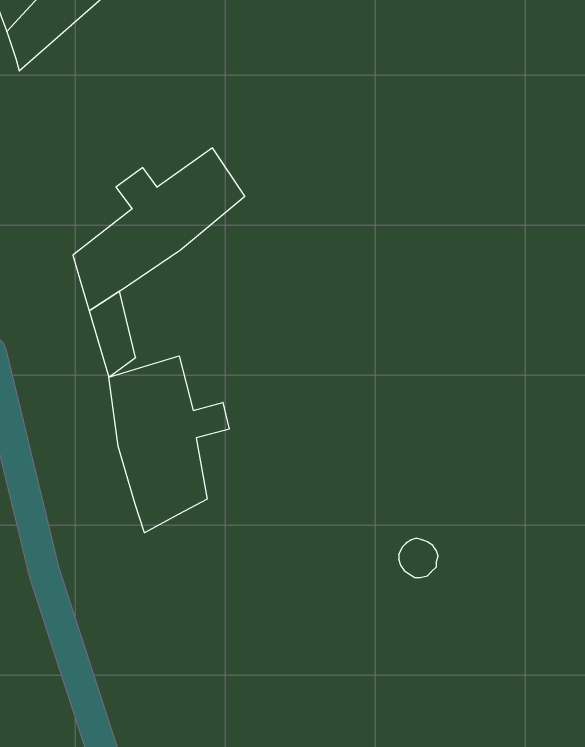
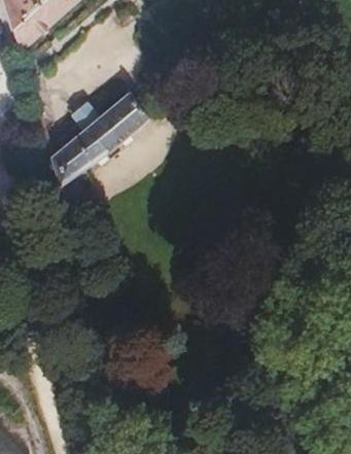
building: [109,356,229,533] -> none

